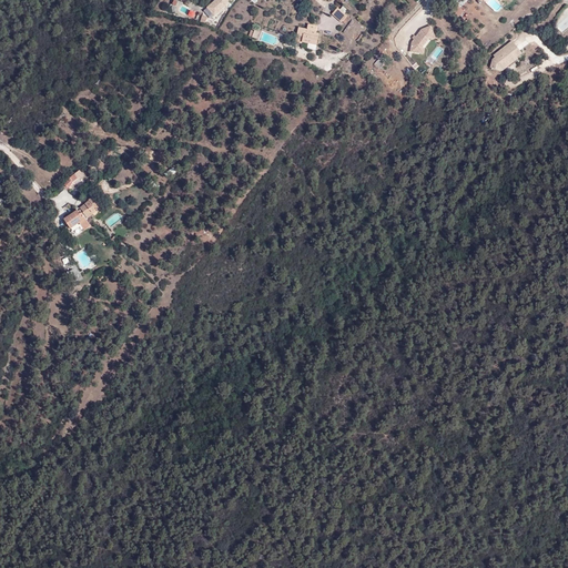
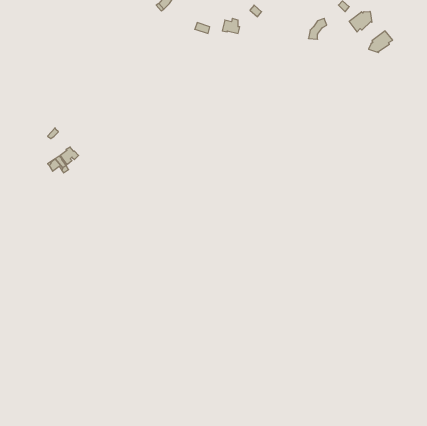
building: none -> [349,11,372,32]

